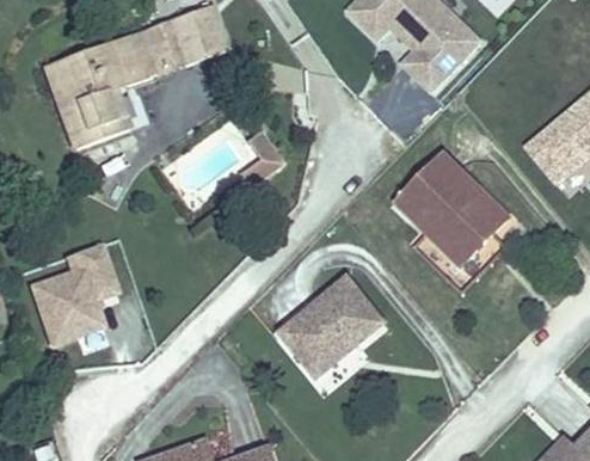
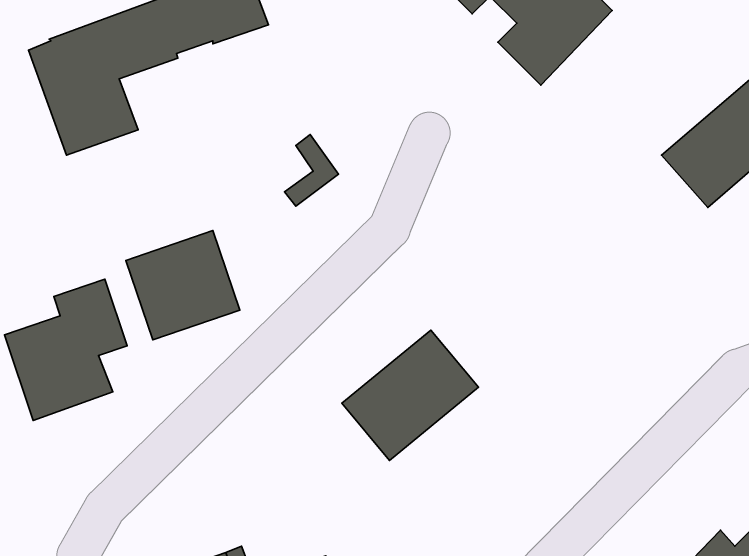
building: [397,156,508,265] -> none
building: none -> [126,230,240,340]

